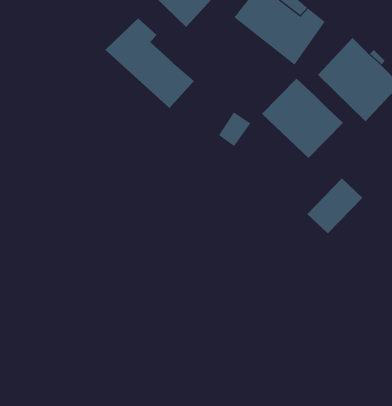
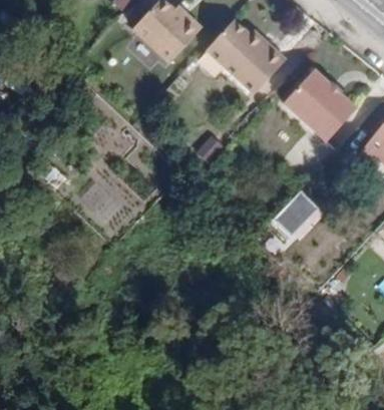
building: [105,18,195,109] -> none
building: [261,78,344,159] -> none

